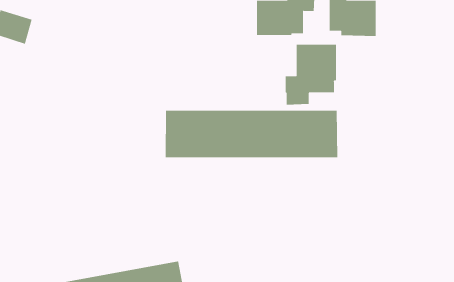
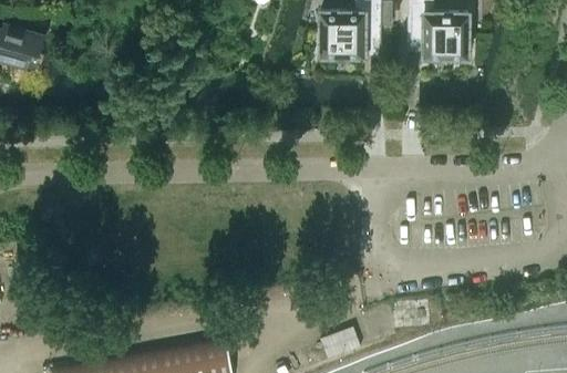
building: [285,44,336,105] -> none
building: [165,110,338,158] -> none

